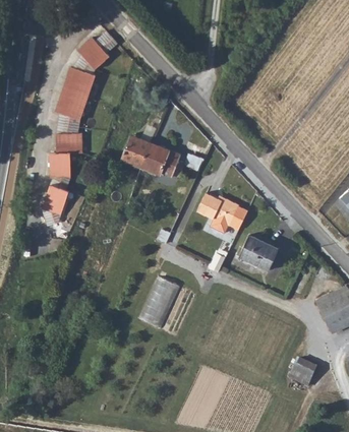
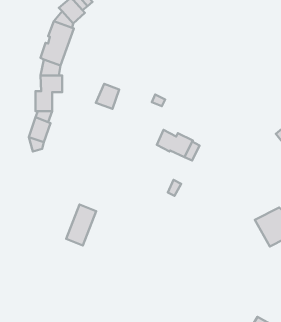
building: [141,143,179,176] -> none
building: [240,233,282,269] -> none
building: [142,276,179,326] -> [66,205,96,246]
building: [290,357,319,387] -> none

